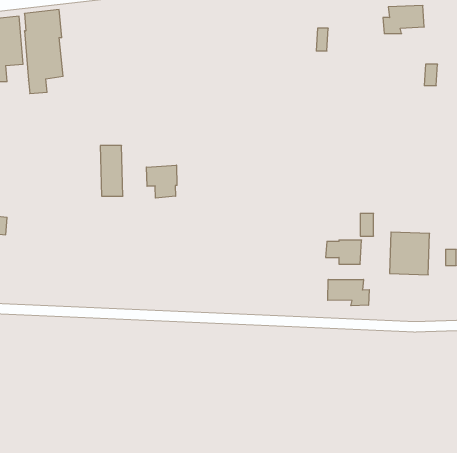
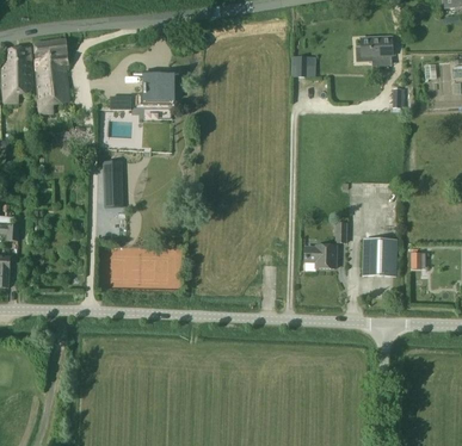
building: none -> [141,72,174,105]
building: [146,165,177,198] -> none
building: [328,279,369,306] -> none

